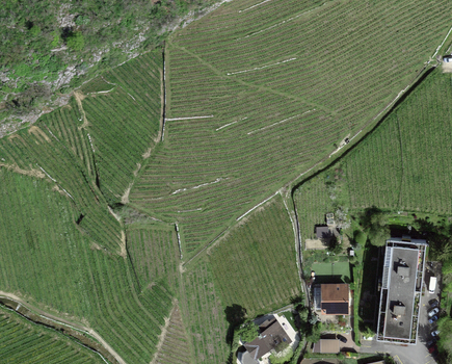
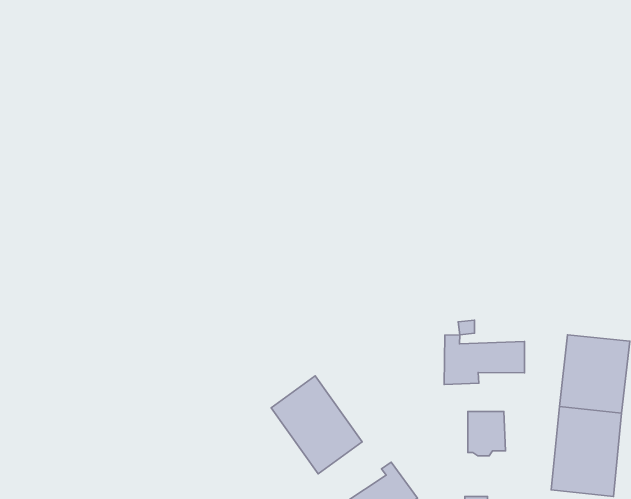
building: none -> [444,335,524,385]
building: none -> [271,376,362,474]

